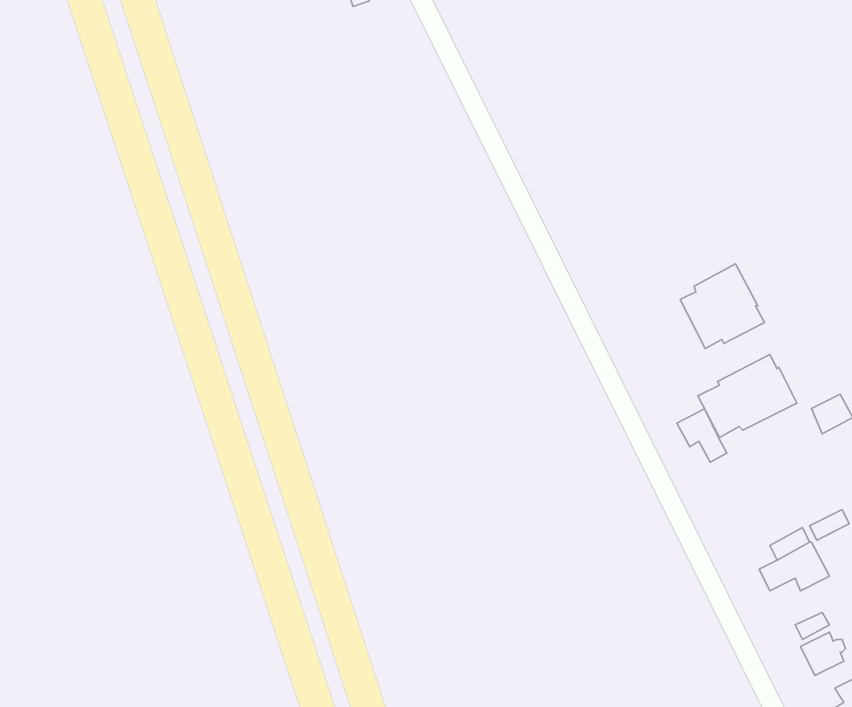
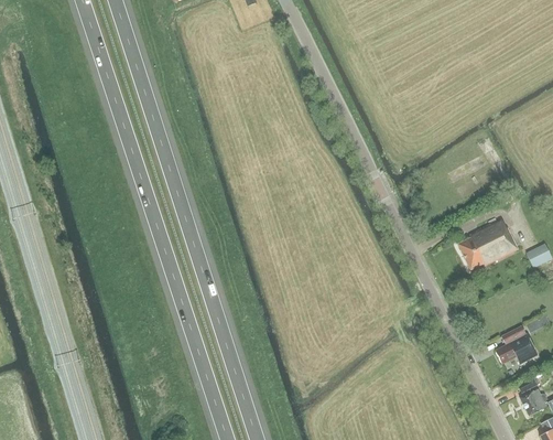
building: [680,264,765,348] -> none
building: [677,409,727,462] -> none

